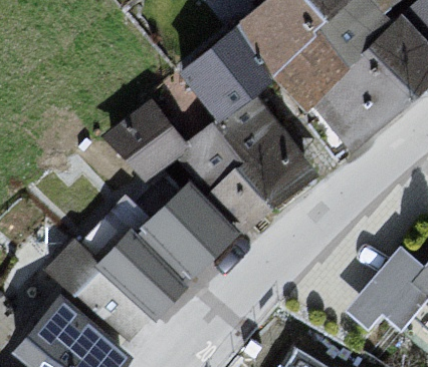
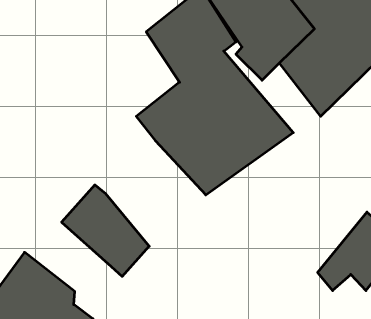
building: [102,97,187,178] -> none
building: [142,181,241,287] -> none
building: [44,234,147,324] -> none

